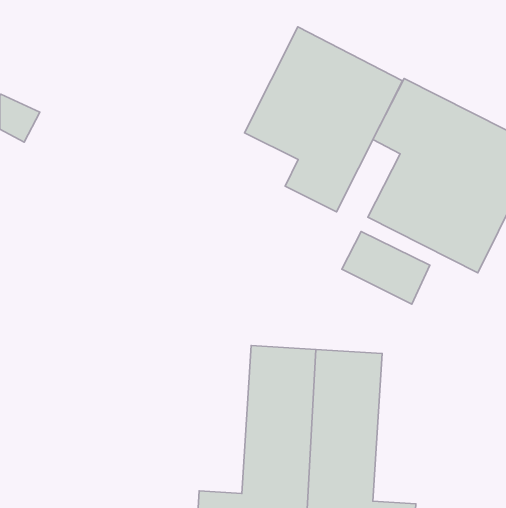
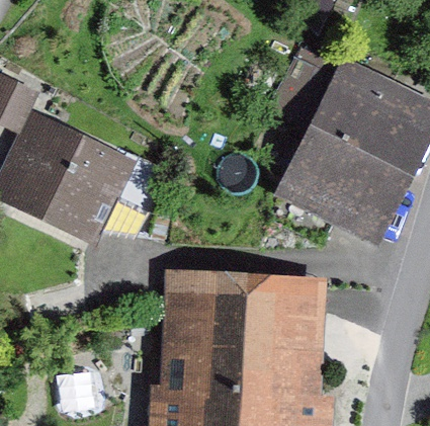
building: [244,27,403,212] -> none
building: none -> [9,117,166,227]

